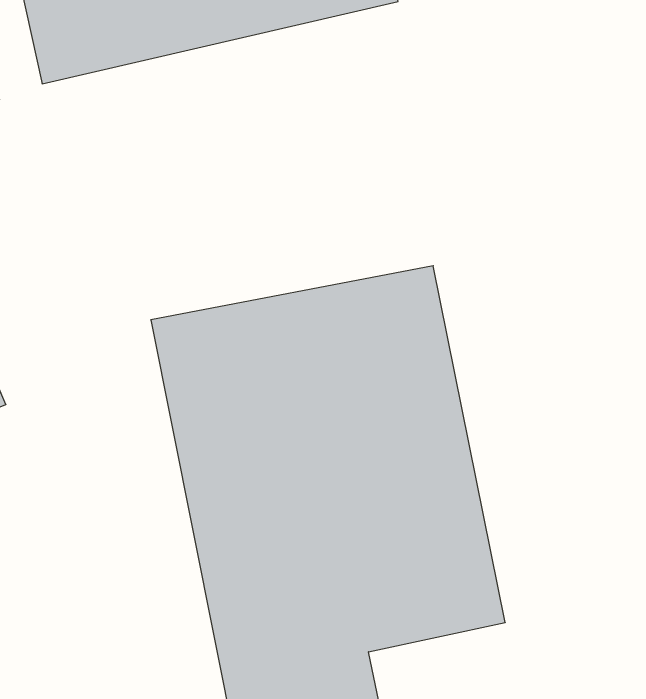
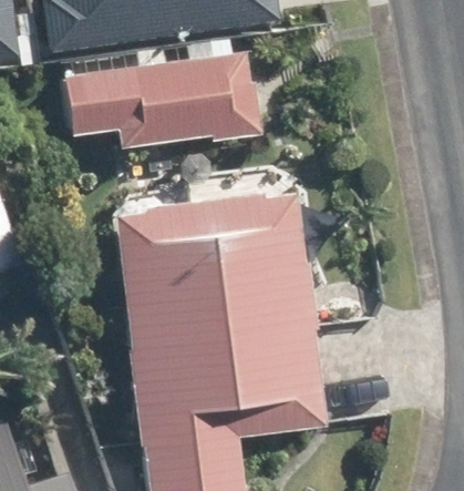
building: none -> [64,50,254,145]

